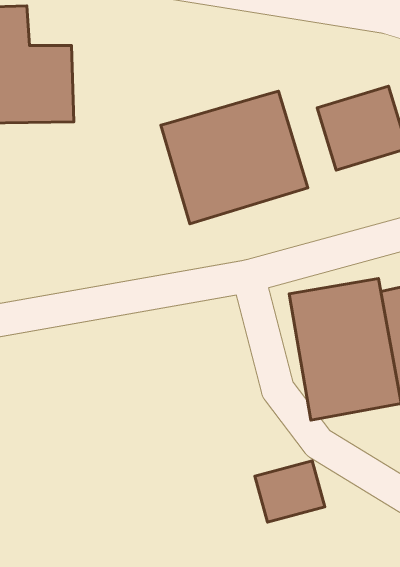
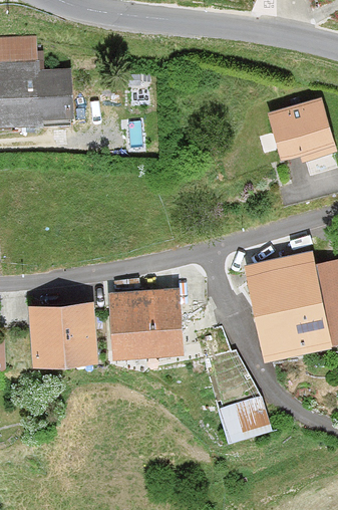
building: [161,91,308,224] -> none
building: none -> [104,288,184,359]
building: none -> [26,302,97,367]

